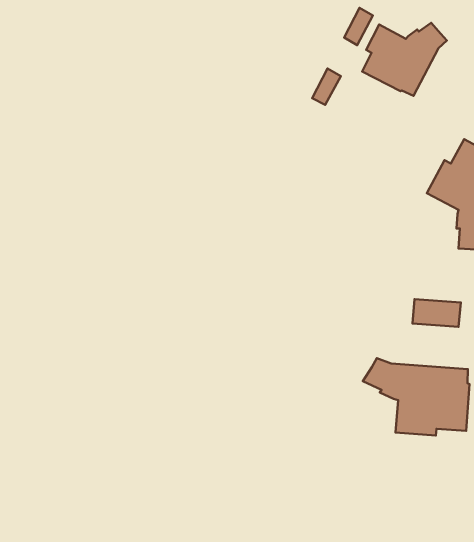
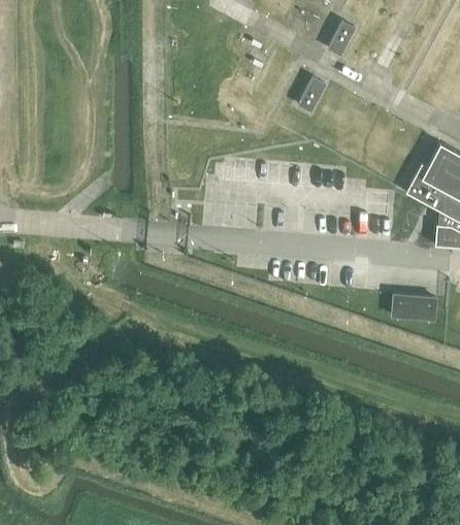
building: [362,23,447,96] -> none
building: [363,358,469,436] -> none

